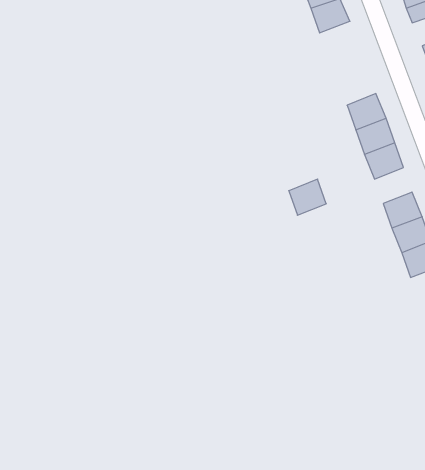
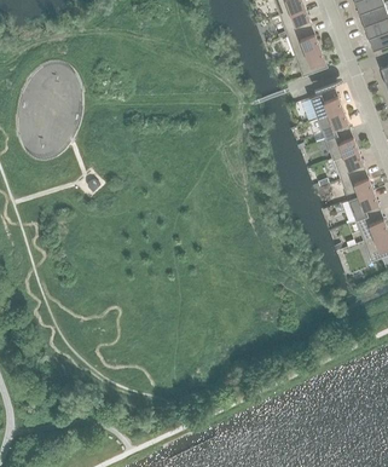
building: none -> [295,48,328,77]
building: none -> [309,88,342,119]
building: [289,179,326,215] -> [341,171,372,201]

